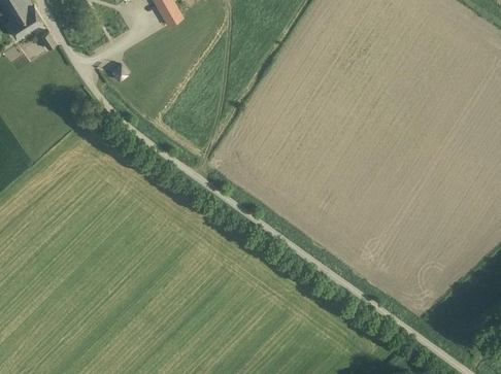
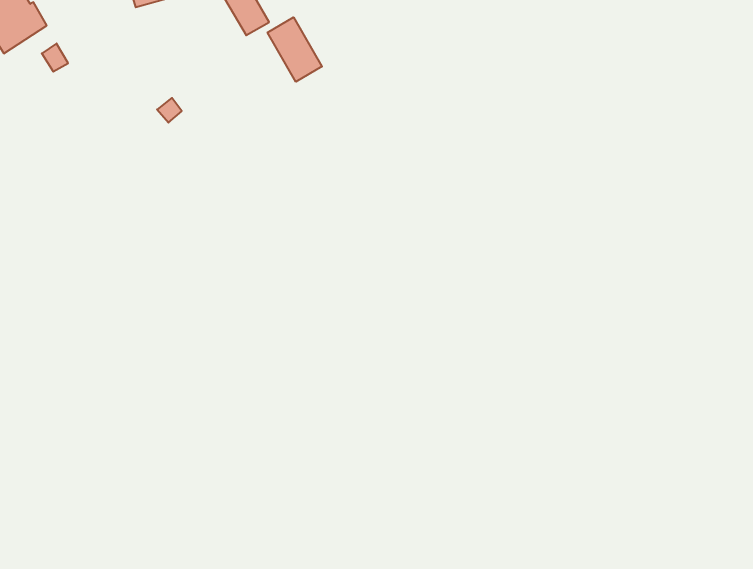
building: none -> [268,17,322,82]

